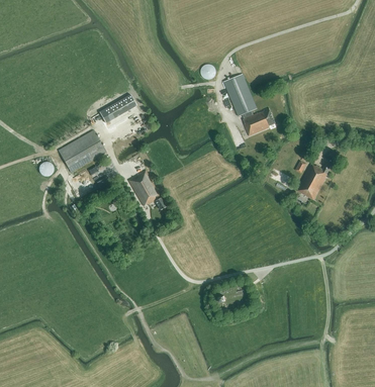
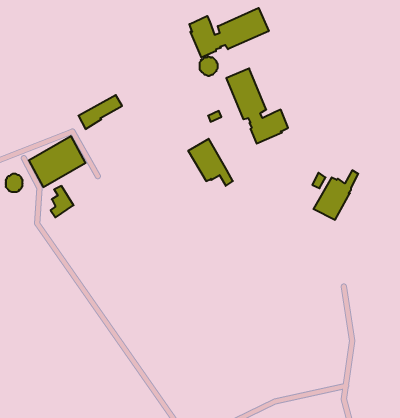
building: none -> [189,8,269,58]
building: [128,170,166,209] -> [188,139,233,186]

